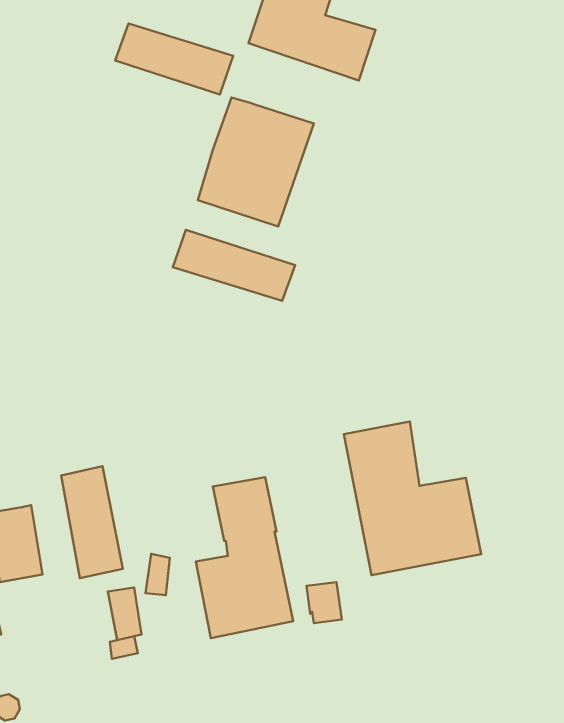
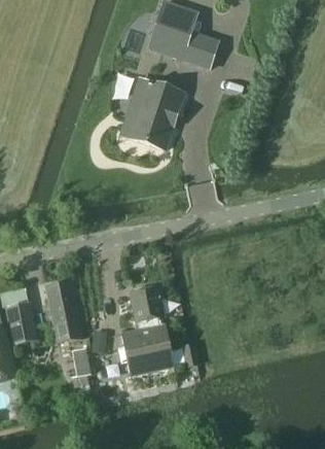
building: [115,23,233,95] -> none
building: [173,230,295,301] -> none
building: [344,422,481,575] -> none

